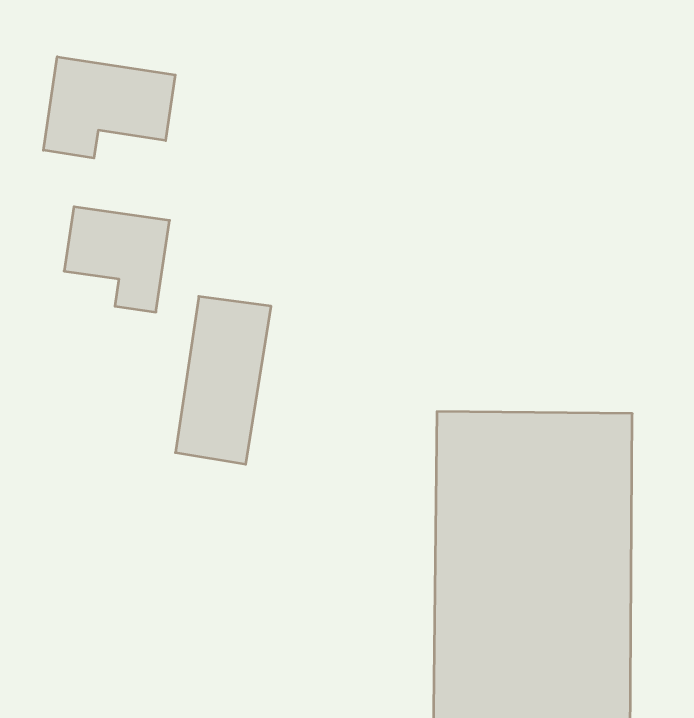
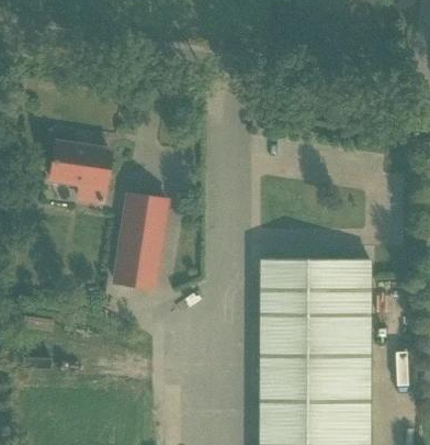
building: [43,57,175,158] -> none

